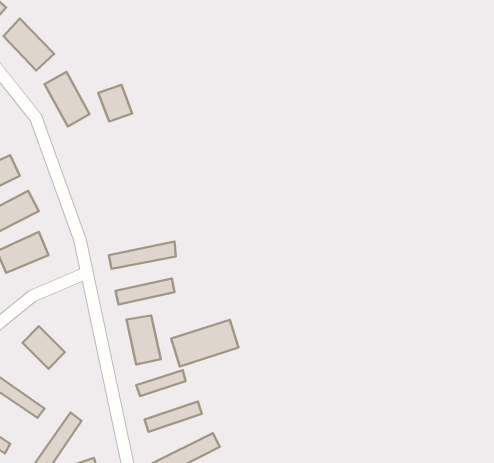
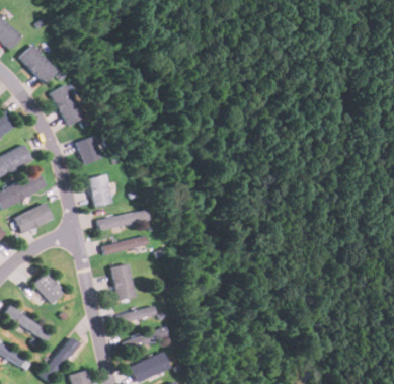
building: [98,85,132,122] -> [76,137,101,164]
building: none -> [88,174,111,207]
building: [171,320,238,366] -> none

